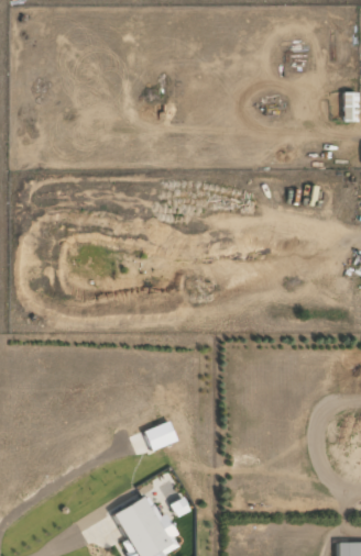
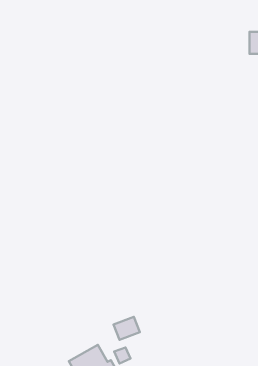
building: [143,422,177,452] -> [113,317,140,340]

